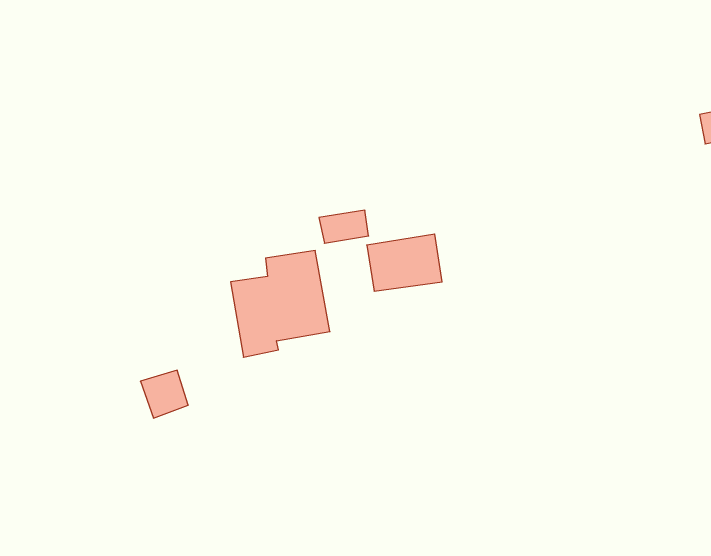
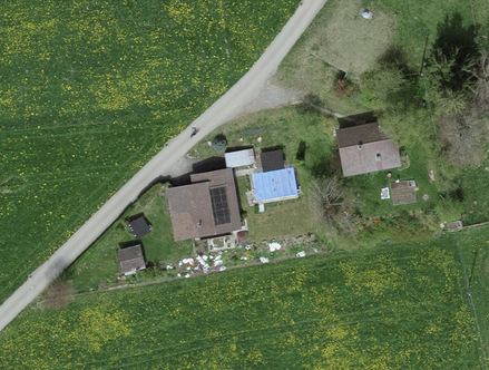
building: none -> [339,125,397,173]

